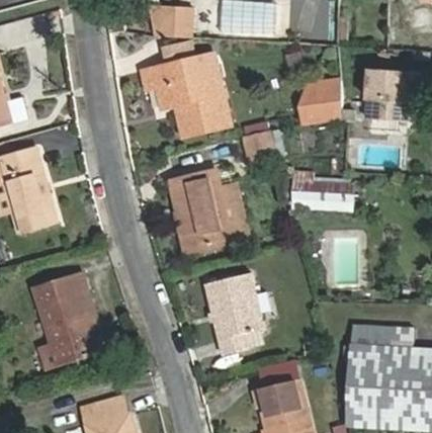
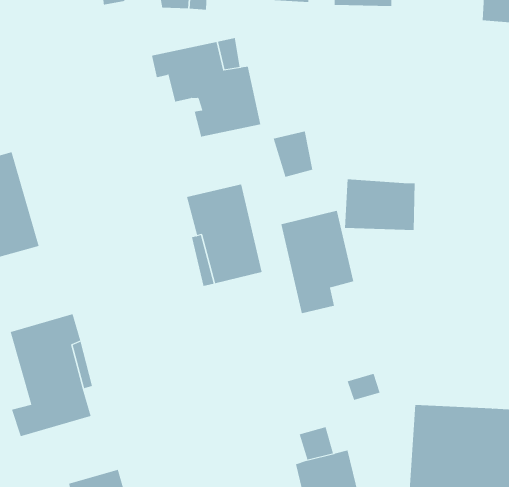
building: [363,67,411,119] -> none
building: [299,76,341,122] -> none
building: [206,273,264,354] -> [280,210,354,314]
building: [350,323,412,347] -> none

